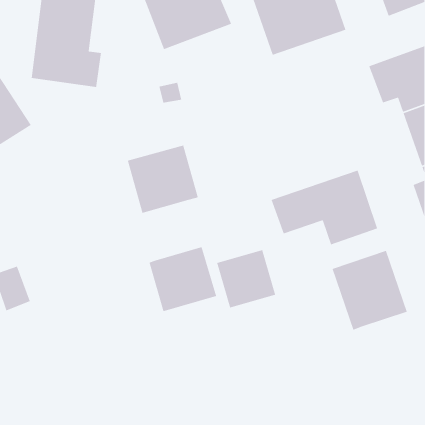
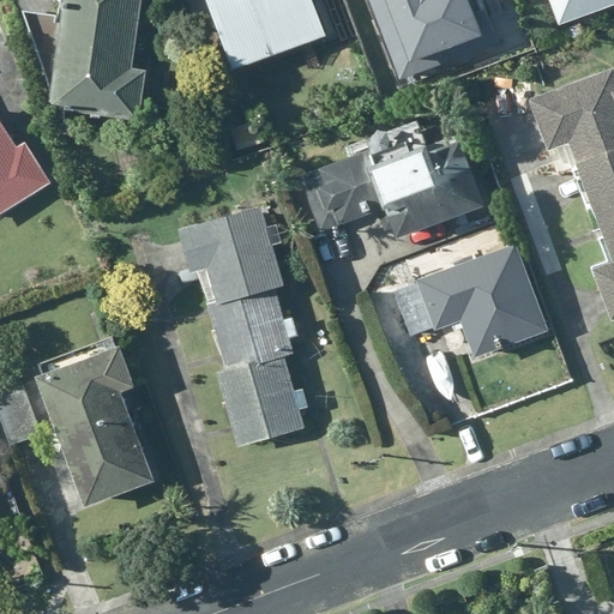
building: none -> [305,115,490,242]
building: none -> [38,343,159,505]
building: [216,249,276,308] -> [204,288,290,373]
building: [331,250,408,331] -> none

